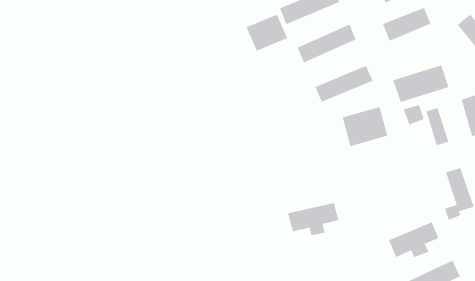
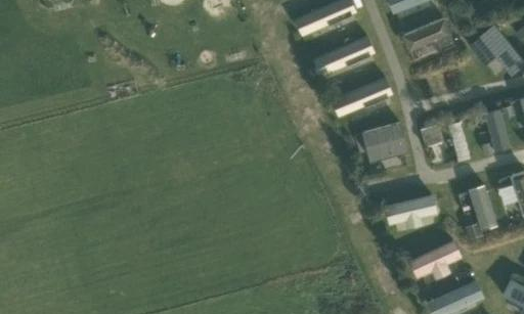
building: [246,14,288,52] -> none
building: [393,64,449,103] -> none
building: [287,202,339,236] -> [383,194,437,229]

